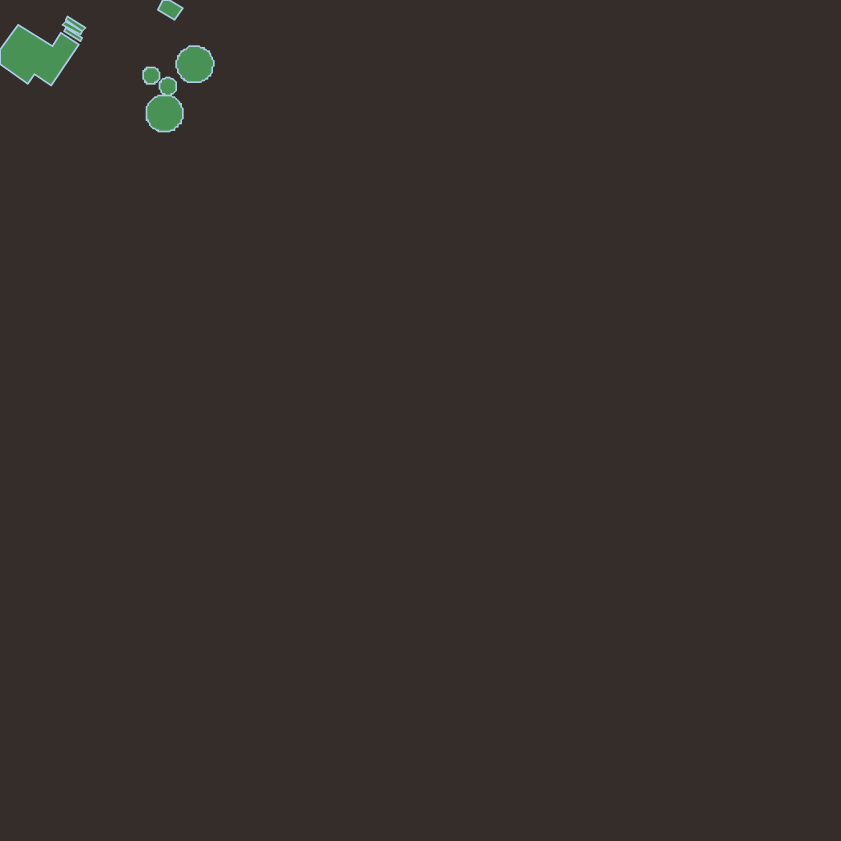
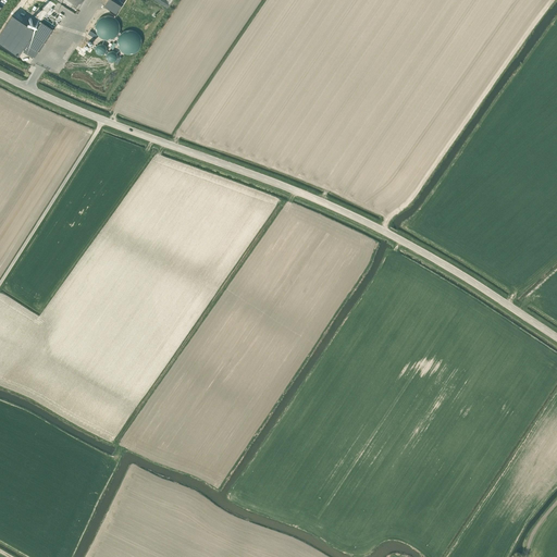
building: [147,95,183,132] -> [95,16,119,40]

